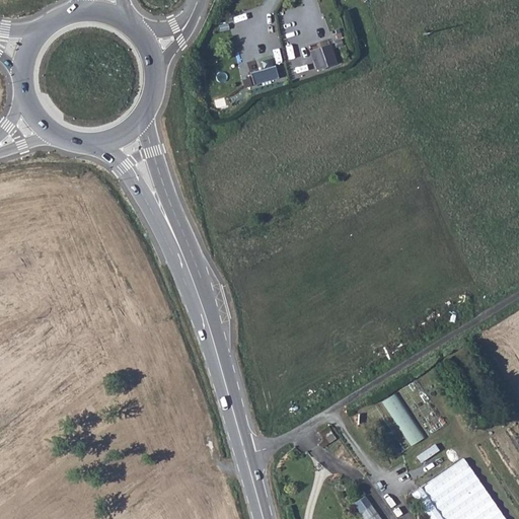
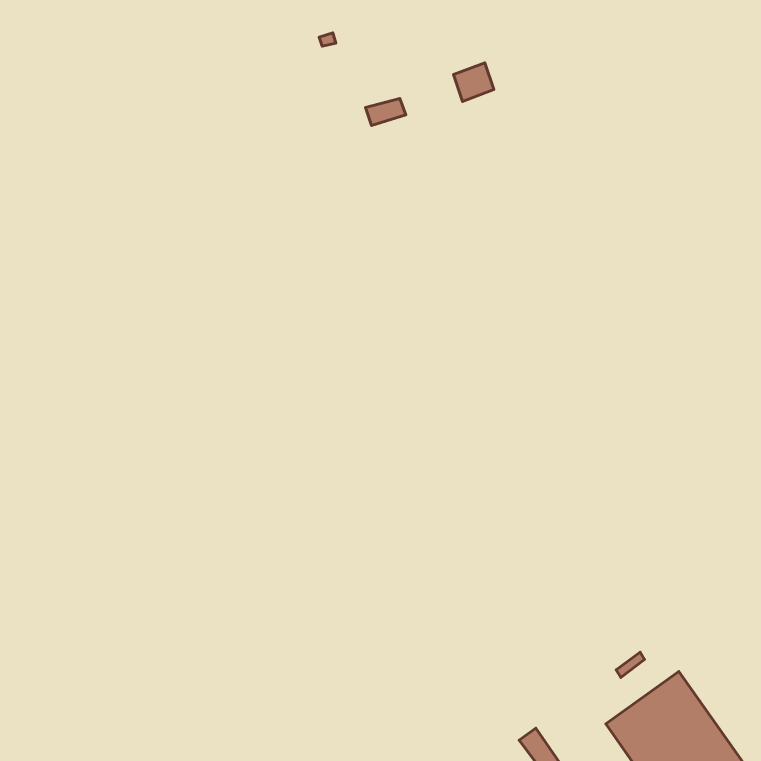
building: [383,393,426,445] -> none

